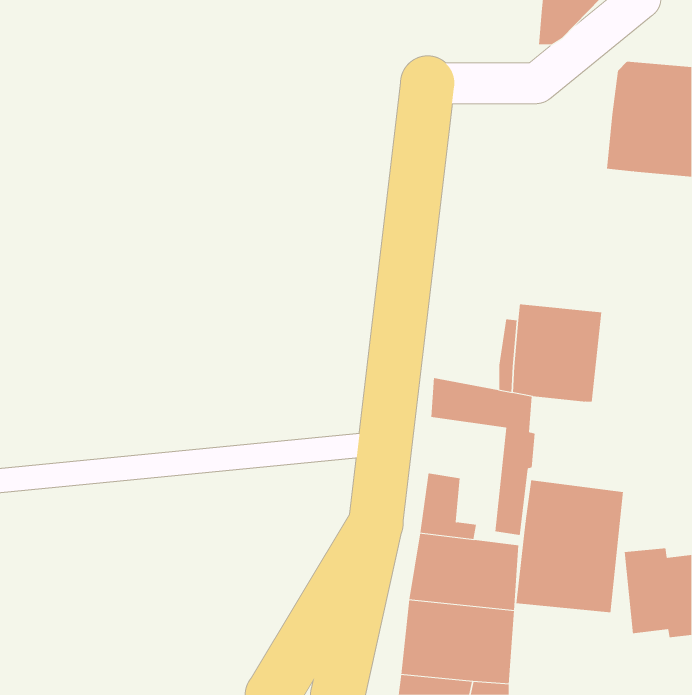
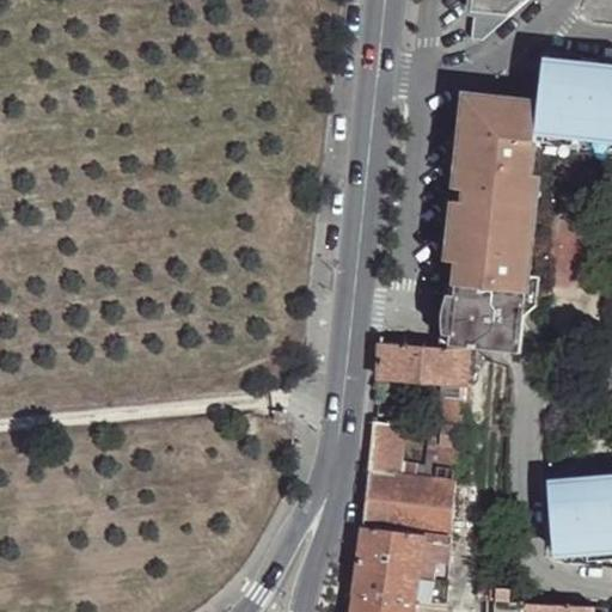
building: none -> [446,92,537,274]
building: [516,479,623,613] -> none

